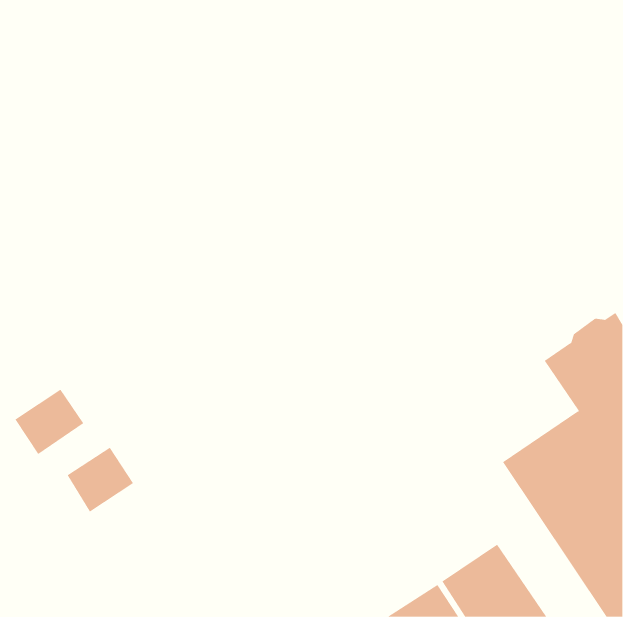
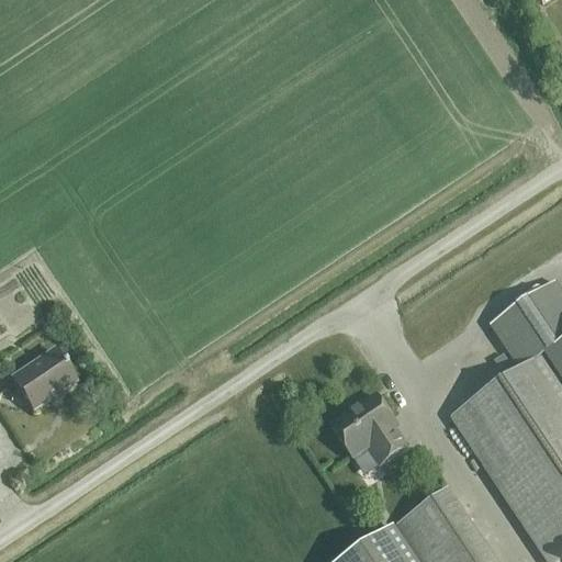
building: none -> [331,395,407,464]
building: [67,447,134,512] -> none

